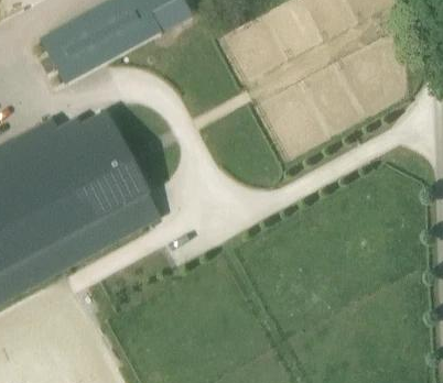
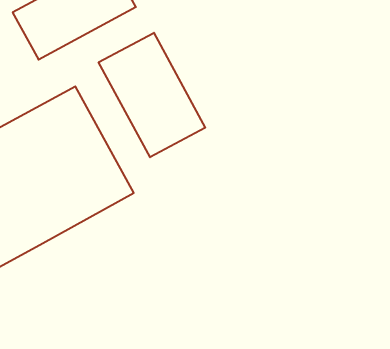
building: none -> [99,33,205,157]

